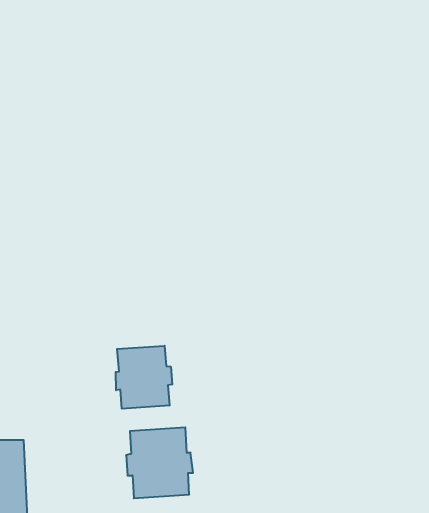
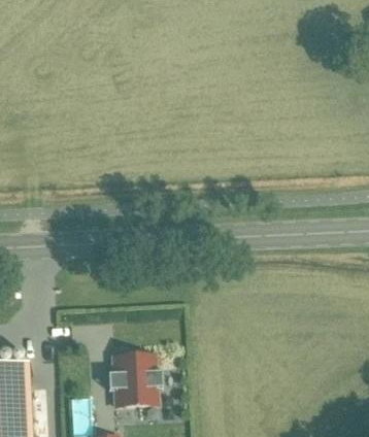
building: [116,346,172,409] -> none

